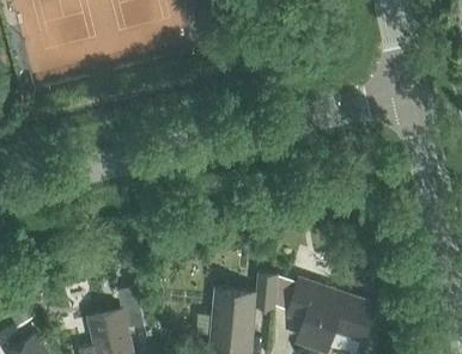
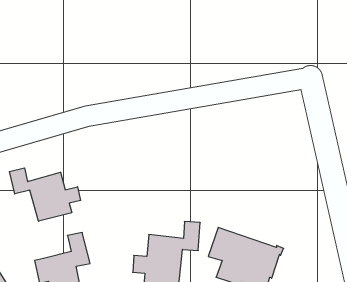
building: none -> [9,168,81,221]

